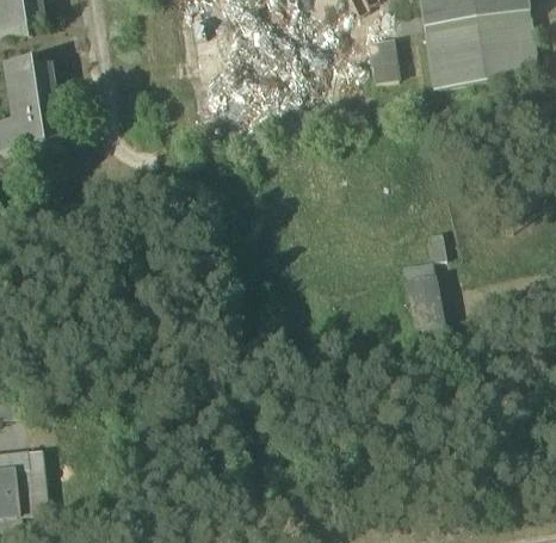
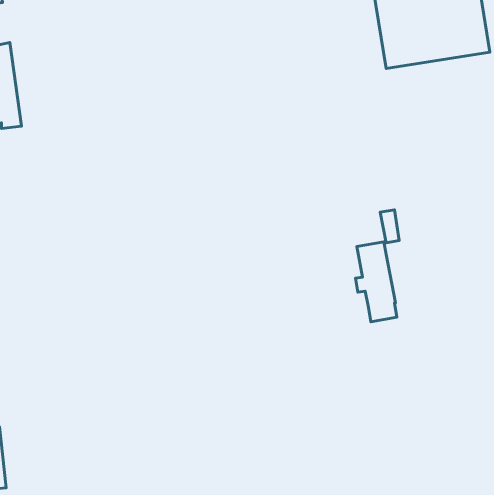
building: [369,38,397,79] -> none

